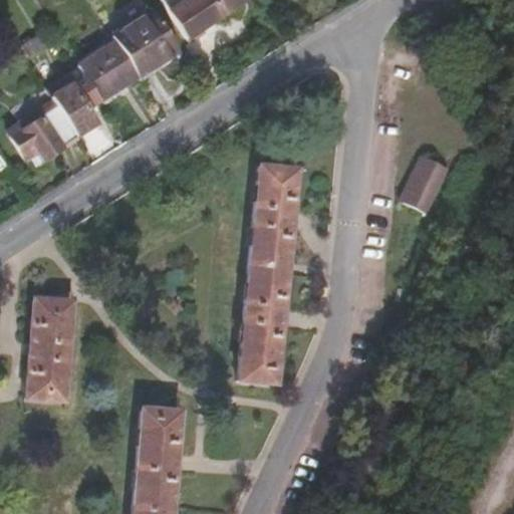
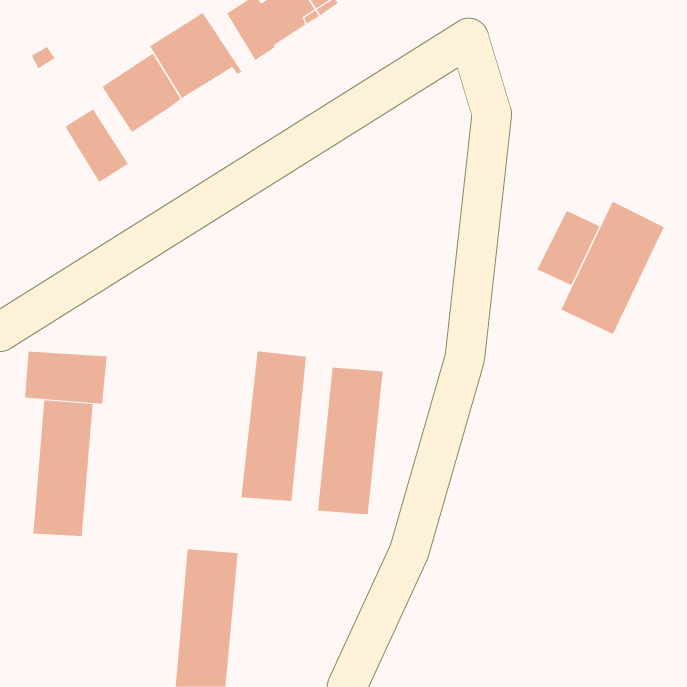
building: [11,96,77,156] -> none
building: none -> [560,201,665,335]
building: [250,164,299,275] -> [241,351,307,501]
building: none -> [24,351,107,405]

